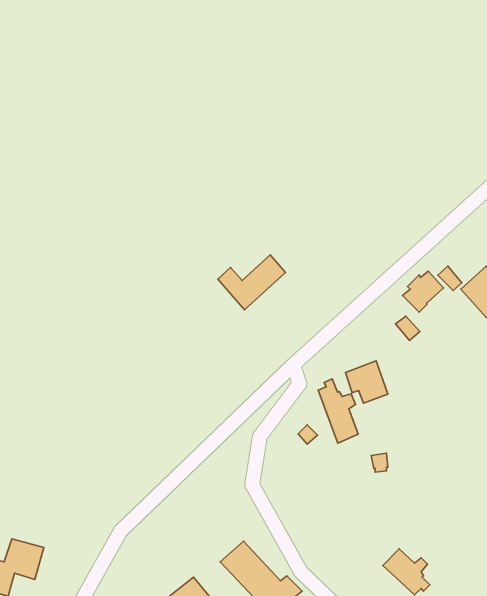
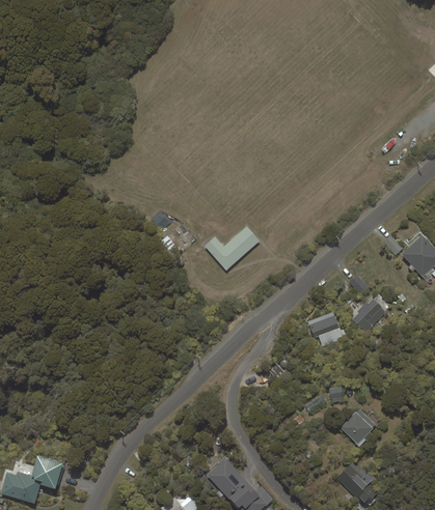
building: [402,271,443,312] -> [352,300,385,333]
building: [318,379,358,443] -> none
building: none -> [341,408,375,444]

